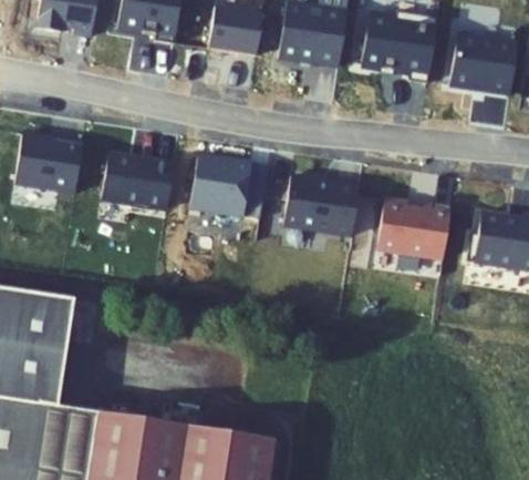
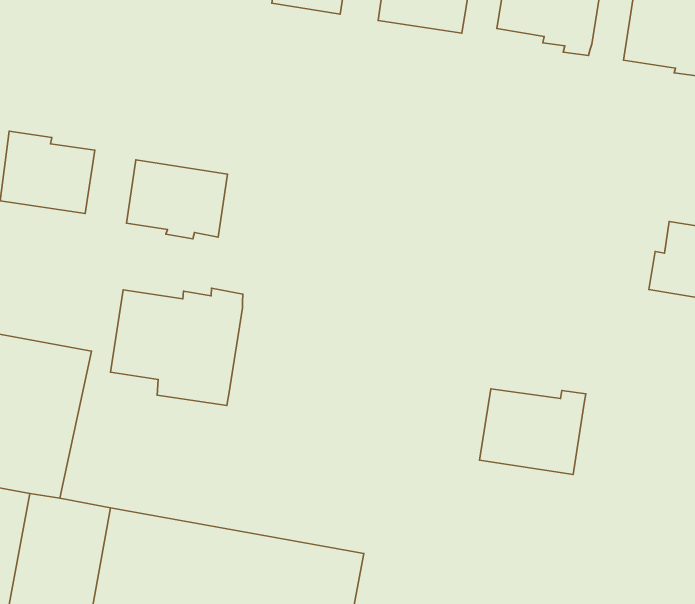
building: [191,160,250,217] -> none
building: [284,180,357,237] -> none
building: [376,202,450,262] -> [480,389,586,474]
building: none -> [110,288,243,405]

